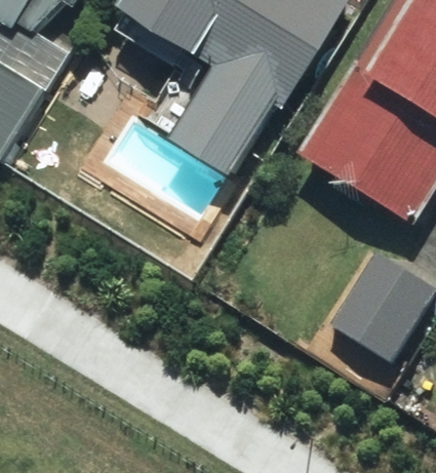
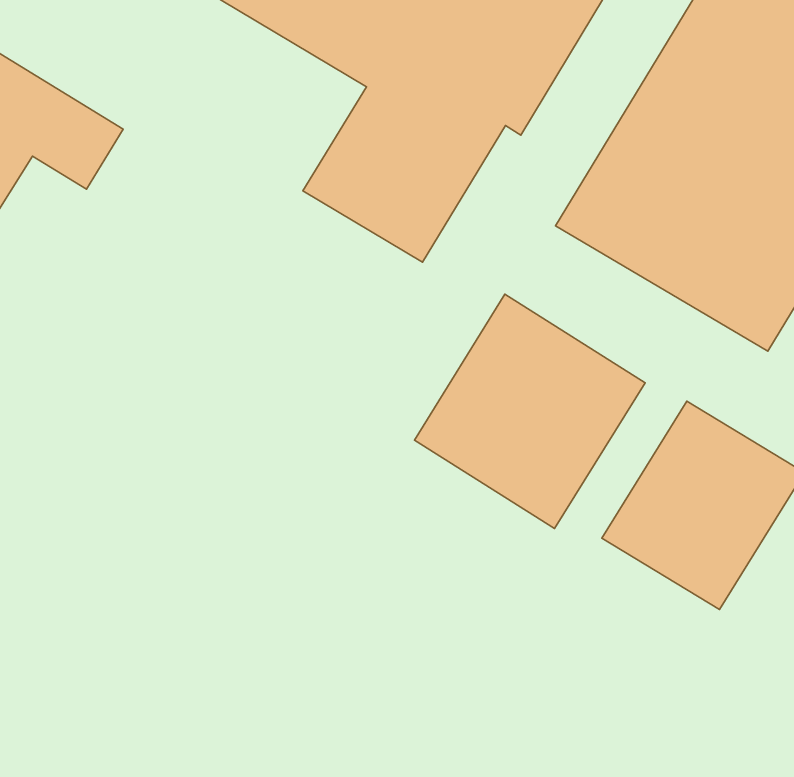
building: none -> [414,294,645,529]

